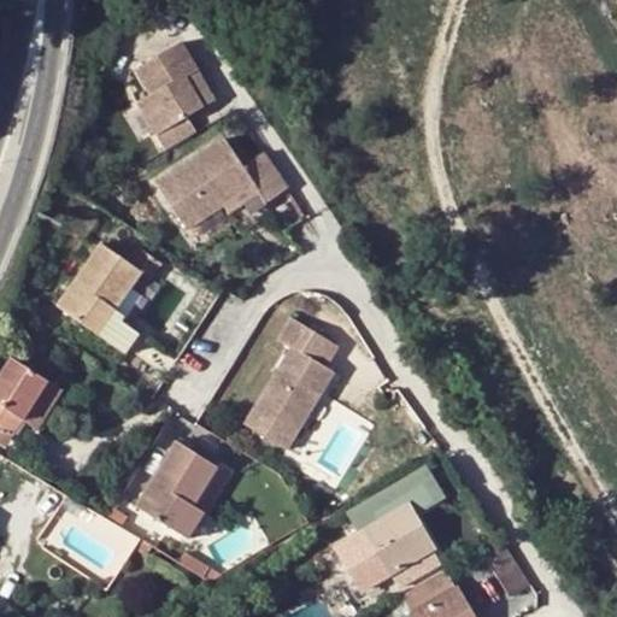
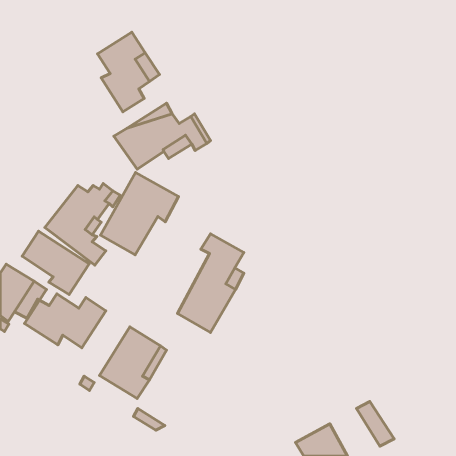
building: none -> [101,172,178,255]
building: none -> [22,231,89,294]
building: none -> [25,294,106,348]
building: [336,470,441,589] -> none

